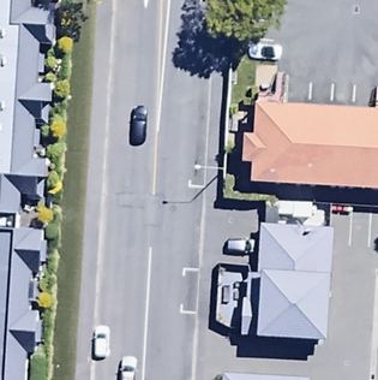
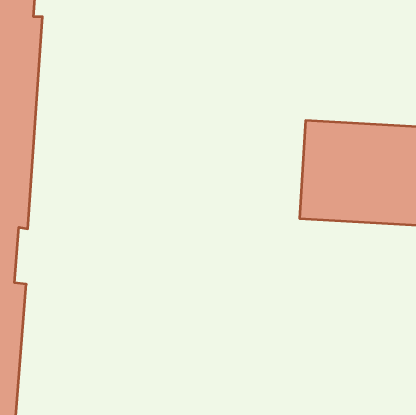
building: [256,228,330,338] -> none

